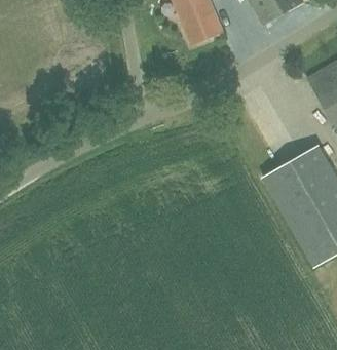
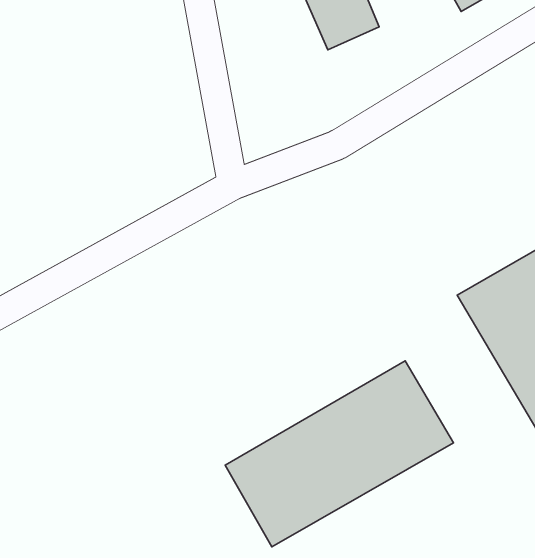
building: none -> [225,361,453,547]

